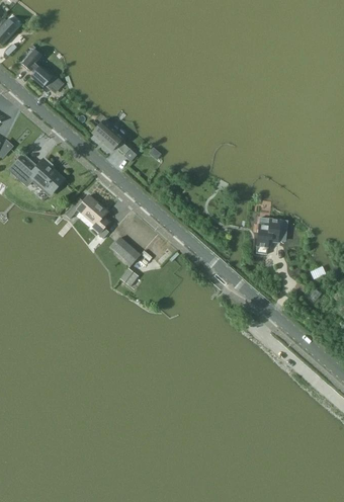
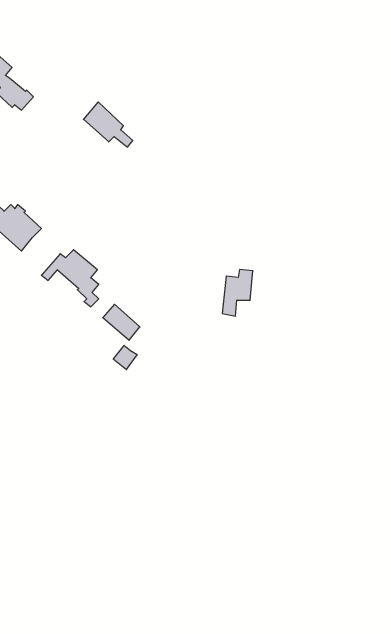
building: [93,119,131,154] -> [83,102,133,147]
building: [257,218,280,253] -> [222,270,253,316]

